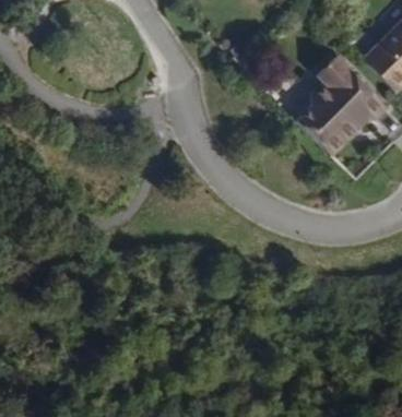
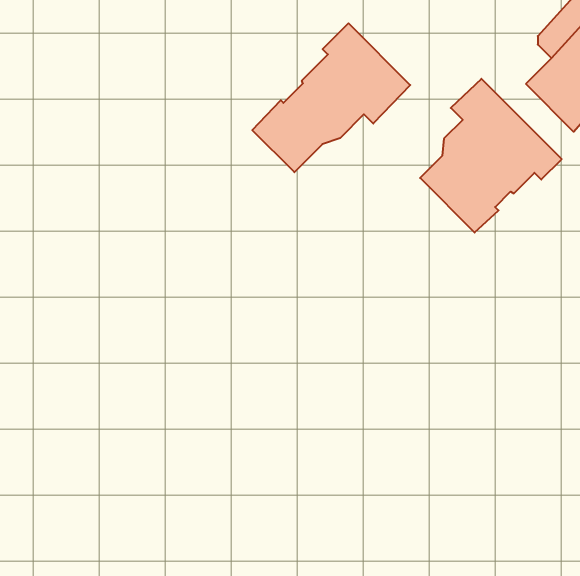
building: none -> [252,23,410,172]

